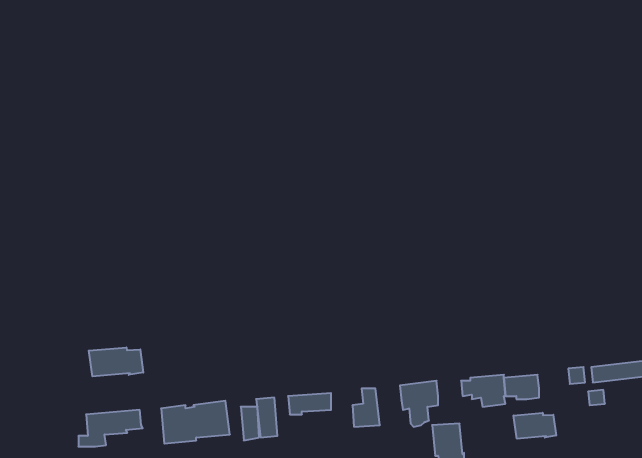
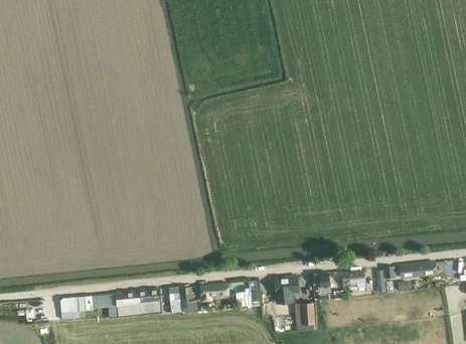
building: [89,347,143,376] -> none
building: [514,413,556,439] -> none

